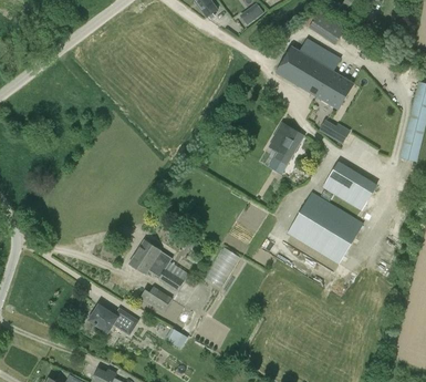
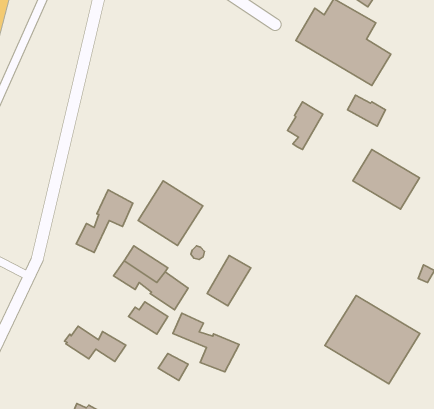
building: none -> [138,181,203,245]
building: [285,192,363,264] -> [325,295,420,384]
building: none -> [76,190,133,253]
building: none -> [173,313,239,372]

